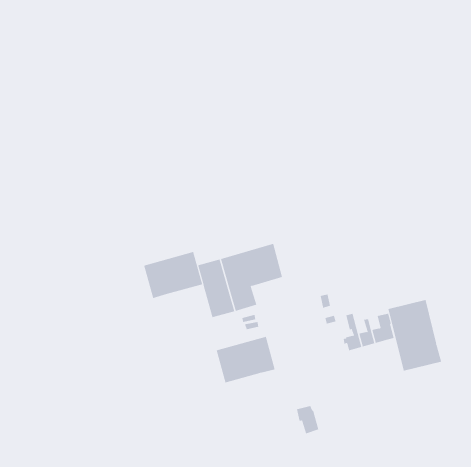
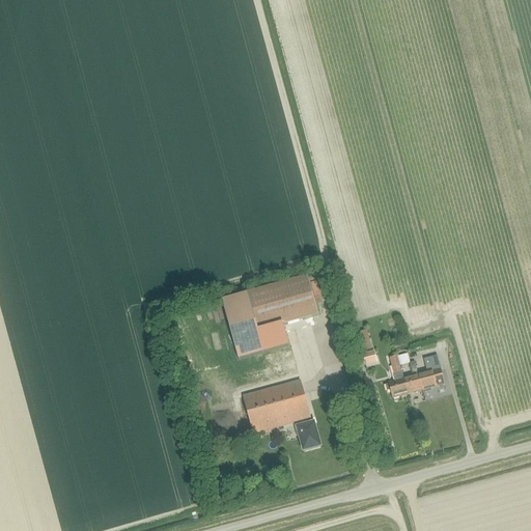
building: [144,251,203,299] -> none
building: [388,299,442,371] -> none
building: [296,405,319,434] -> [294,416,319,448]

